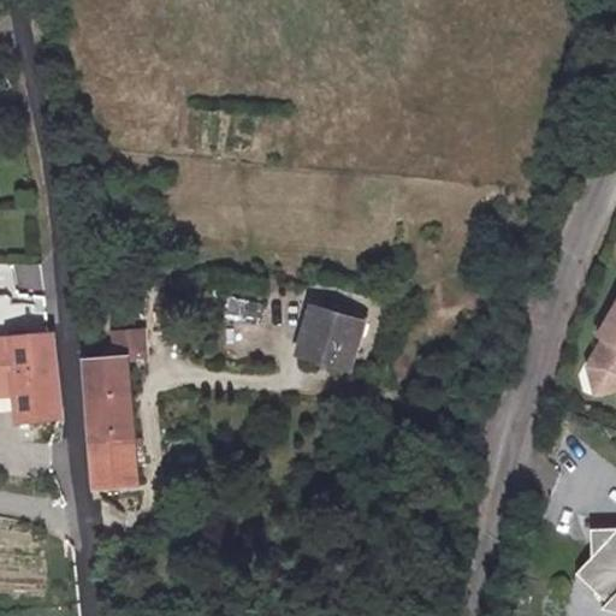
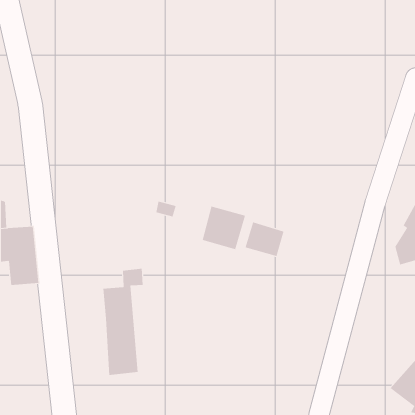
building: [82,327,142,486] -> [103,268,143,375]
building: none -> [245,221,284,257]

